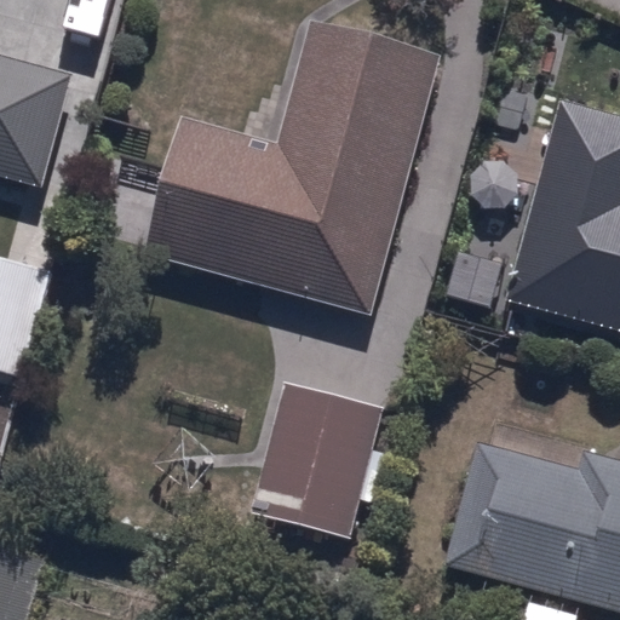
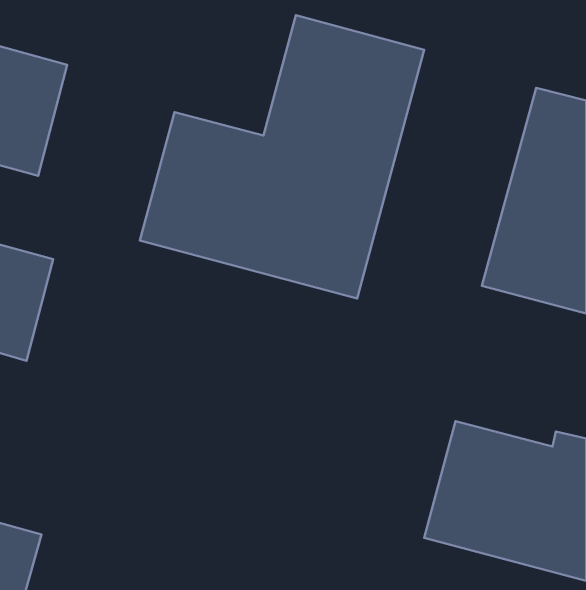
building: [251,383,388,539] -> none

